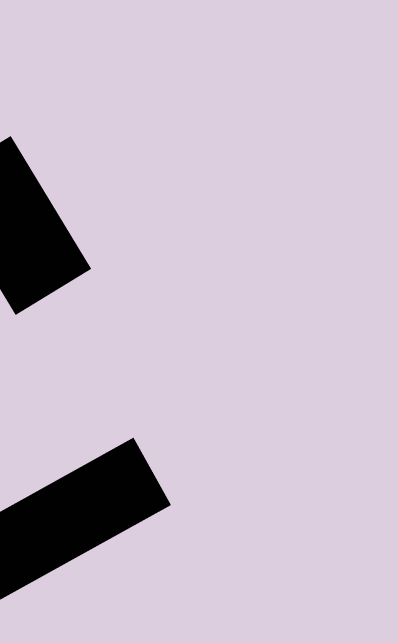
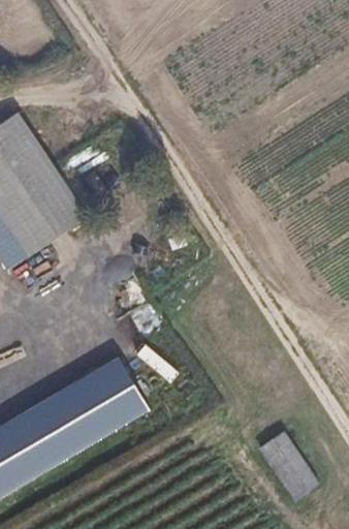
building: none -> [254,430,316,502]

